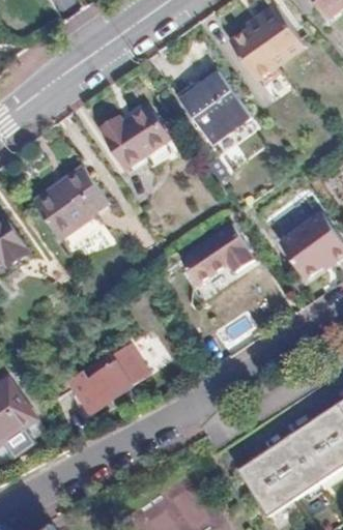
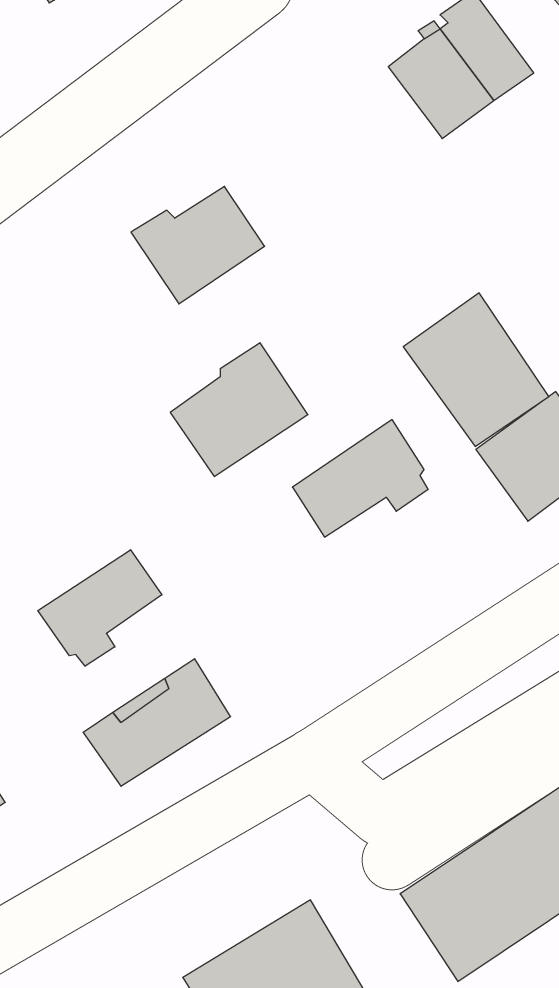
building: [175,65,251,145] -> [403,293,549,446]
building: [36,168,108,237] -> [170,343,308,476]
building: none -> [38,550,162,666]

